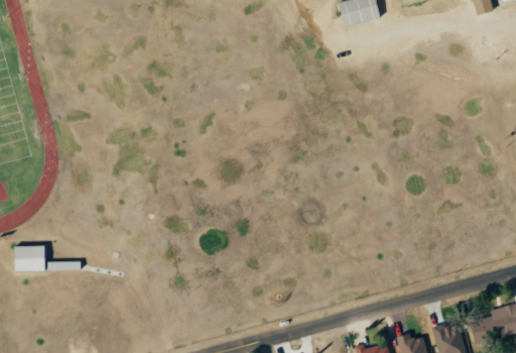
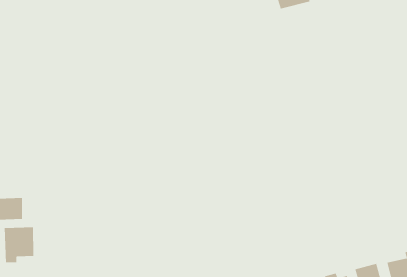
building: none -> [4,226,34,263]

